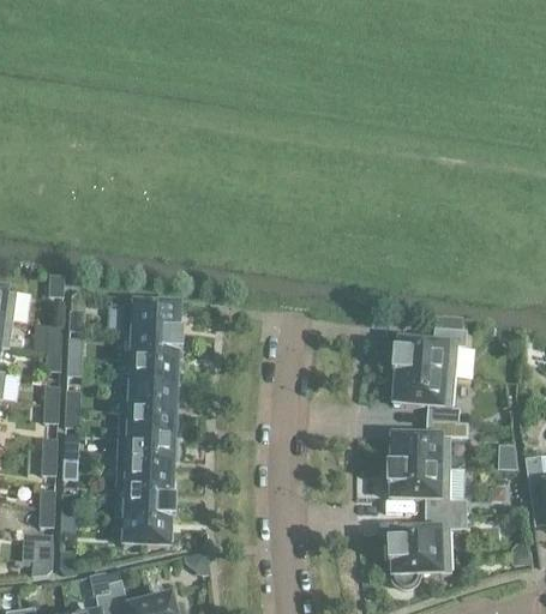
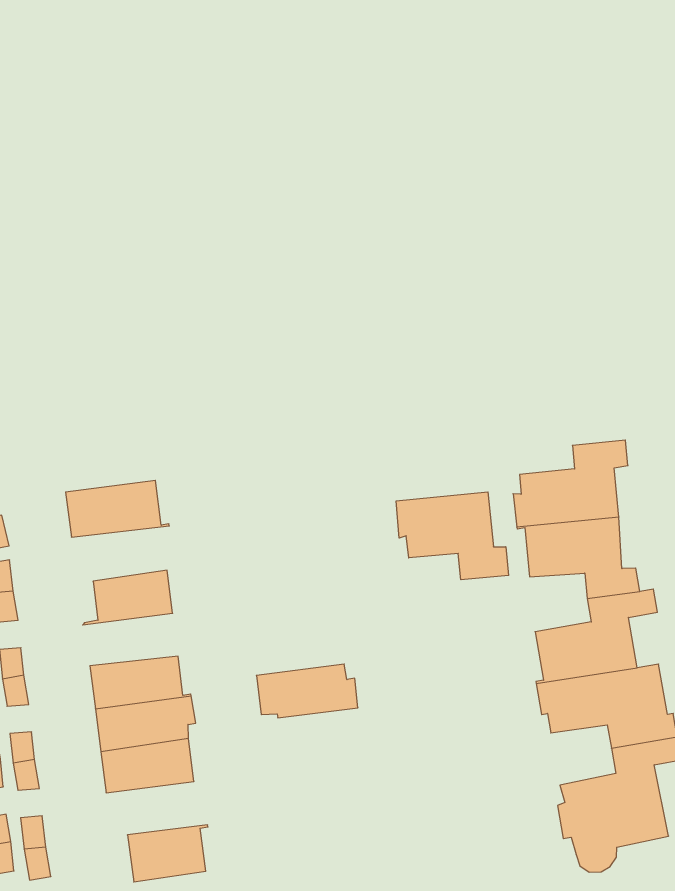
building: [122,330,182,360] -> none
building: none -> [396,492,509,580]
building: [120,384,175,413] -> none
building: [115,487,175,517] -> [256,664,358,718]

